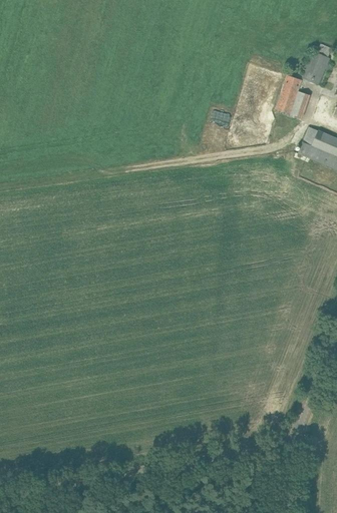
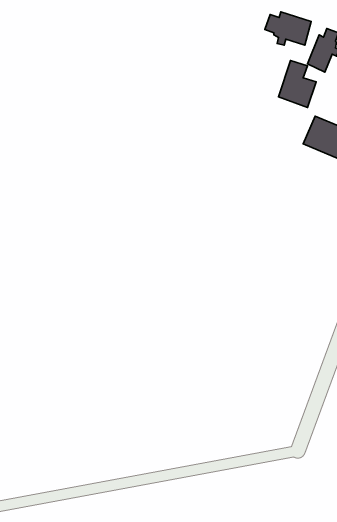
building: none -> [265,12,311,45]

